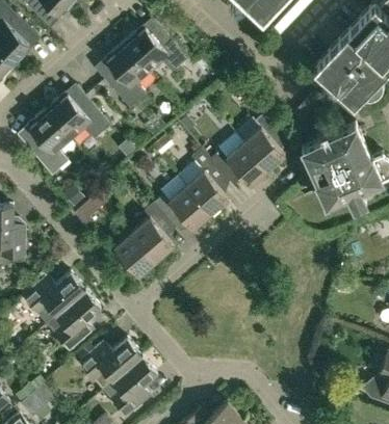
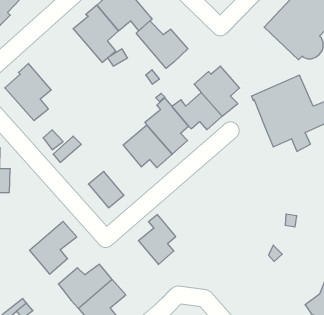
building: none -> [136,21,188,68]
building: [46,86,110,139] -> none
building: [132,203,175,260] -> [138,215,176,265]
building: [23,272,85,323] -> none

